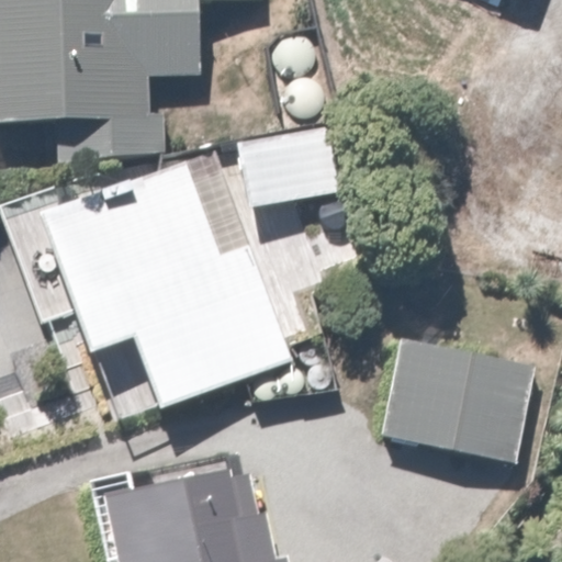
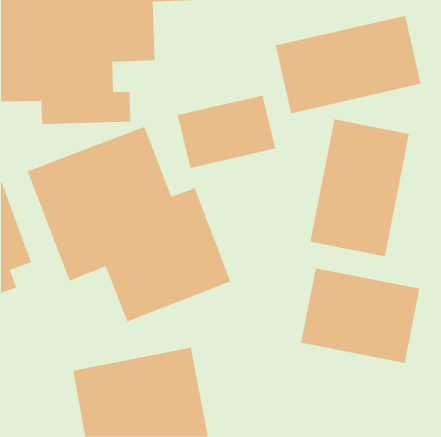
building: none -> [275,15,421,114]
building: none -> [310,119,409,257]

